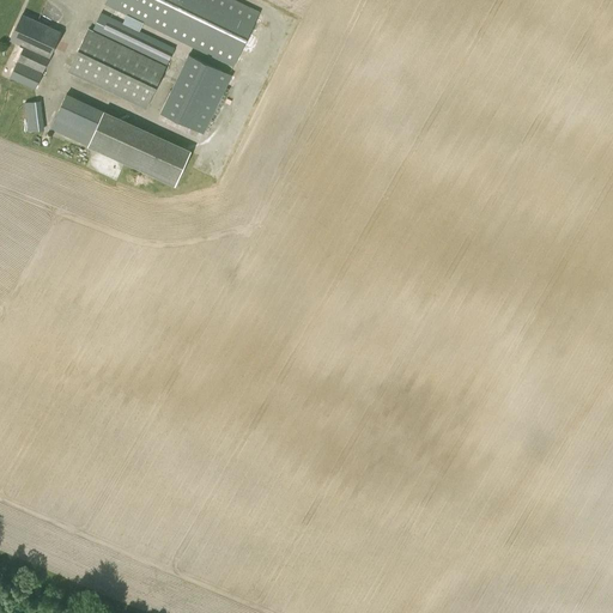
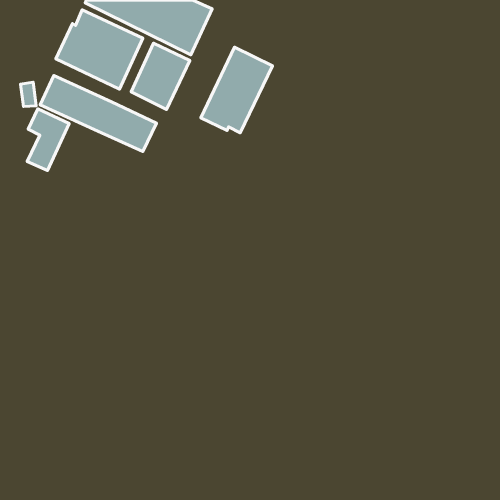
building: [10,13,61,89] -> [27,109,69,170]
building: none -> [201,47,272,133]

